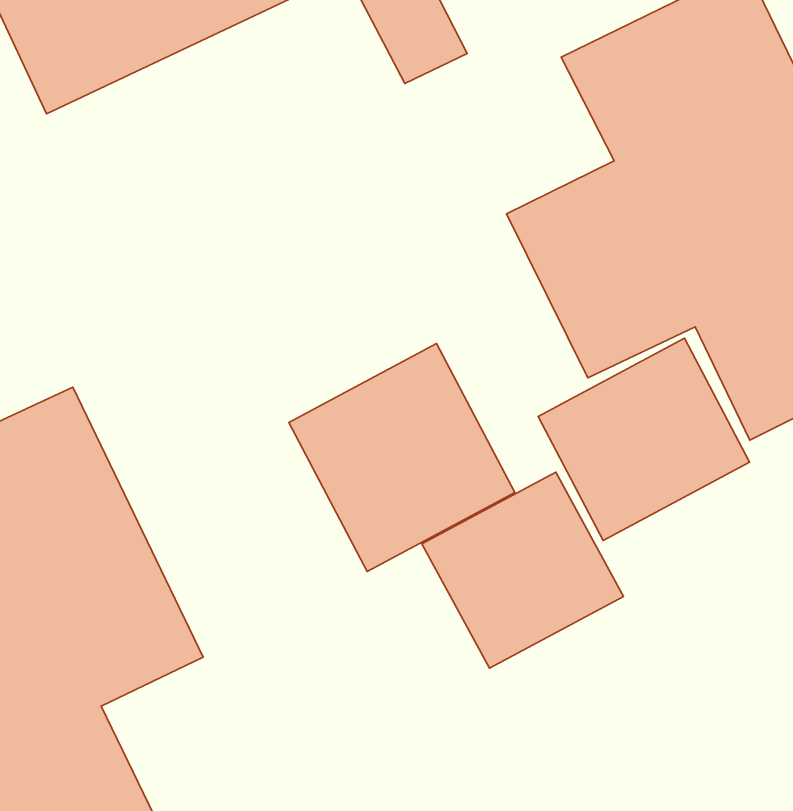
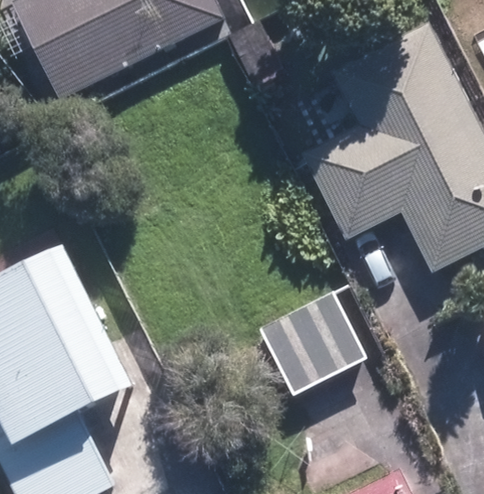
building: [538,338,749,540] -> none
building: [289,344,515,572] -> none

